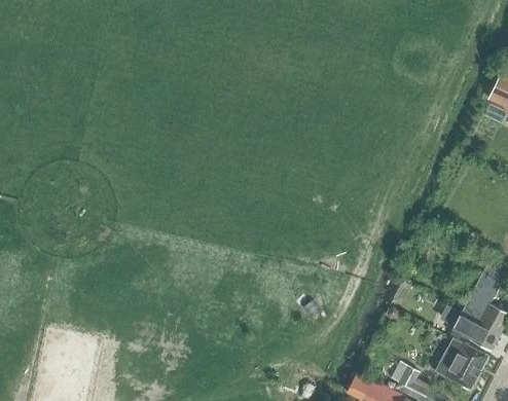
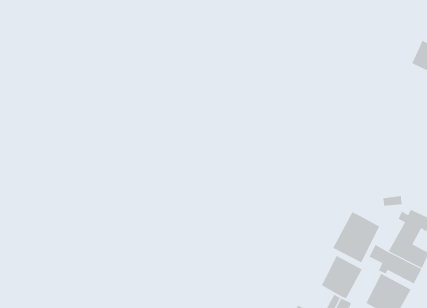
building: none -> [333,211,380,263]
building: none -> [321,255,362,299]

